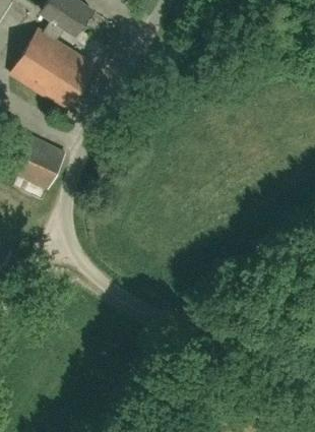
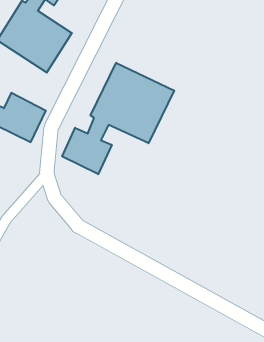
building: none -> [62,63,174,174]

